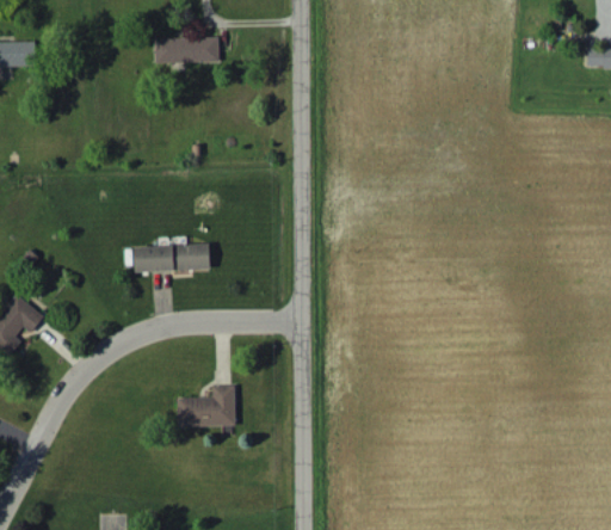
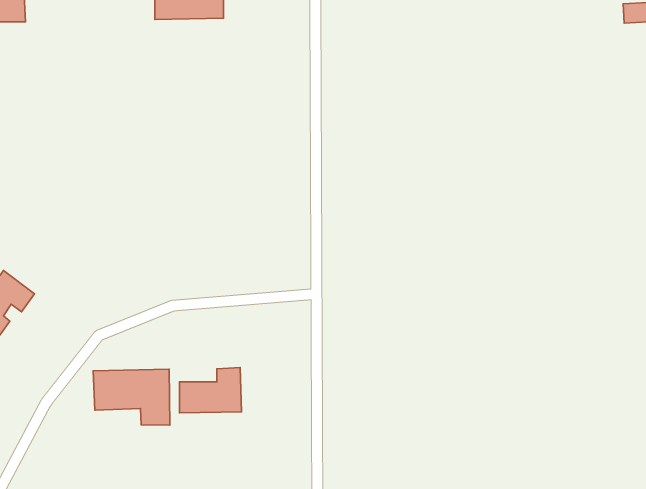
building: [135,244,210,271] -> none
building: none -> [93,369,170,425]

